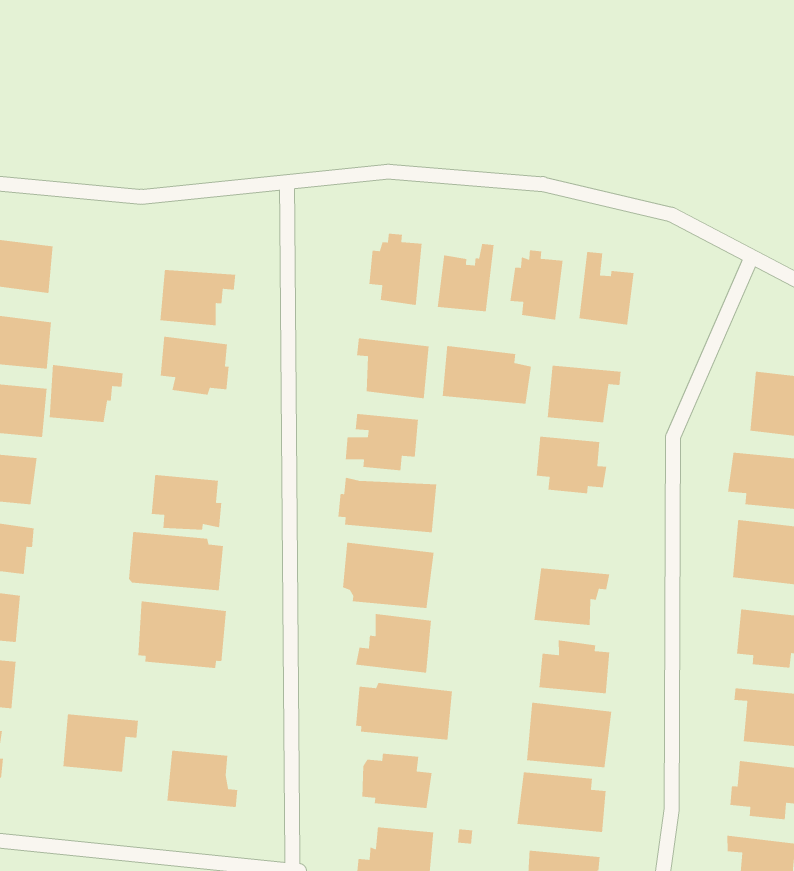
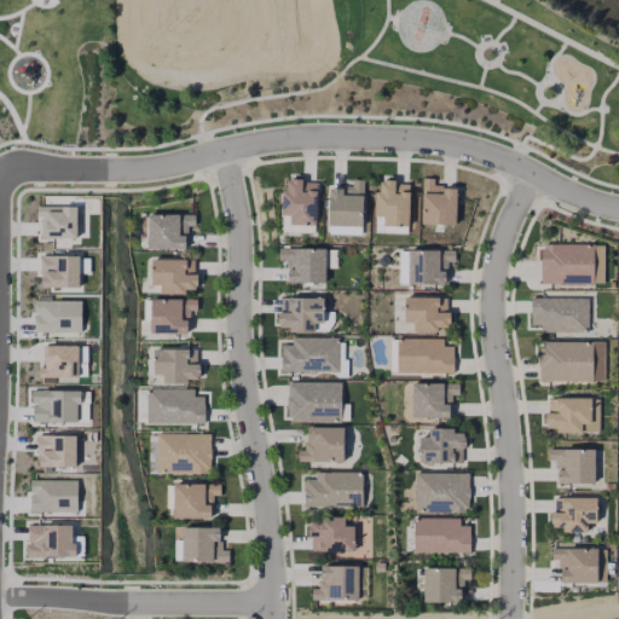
building: [442,345,532,404] -> [398,340,455,374]
building: [49,364,124,423] -> [151,297,198,332]
building: [62,713,139,772] -> [175,482,222,517]

